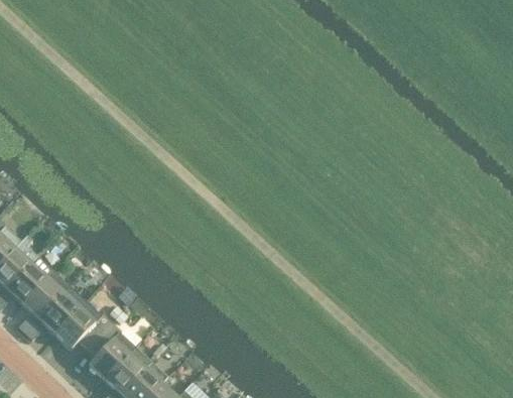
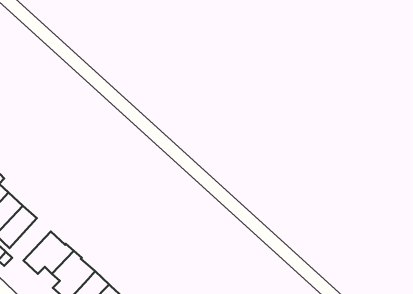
building: [37,285,85,334] -> none

